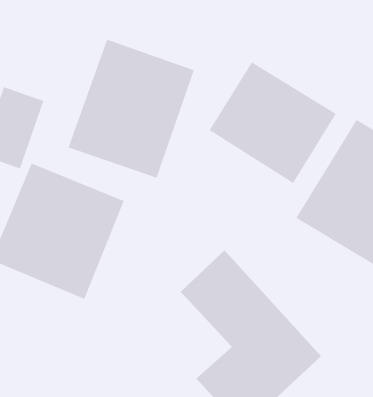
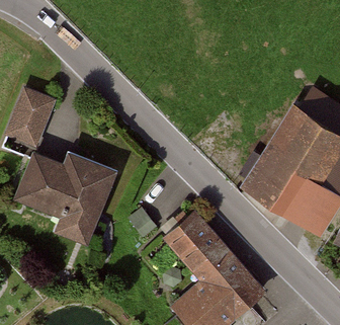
building: [68,39,194,179] -> none
building: [209,62,336,184] -> none

